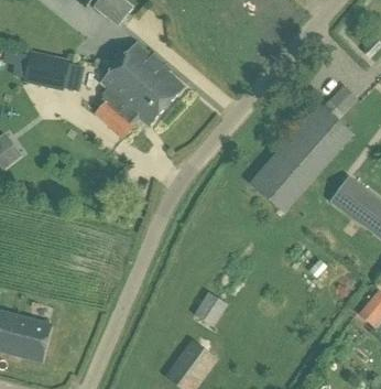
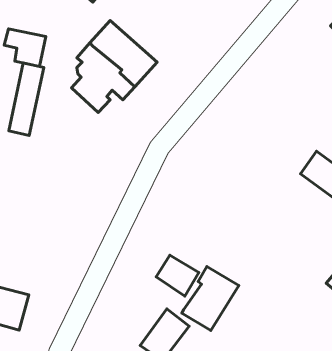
building: none -> [9,63,44,135]
building: [250,104,353,214] -> none
building: none -> [182,267,239,331]

